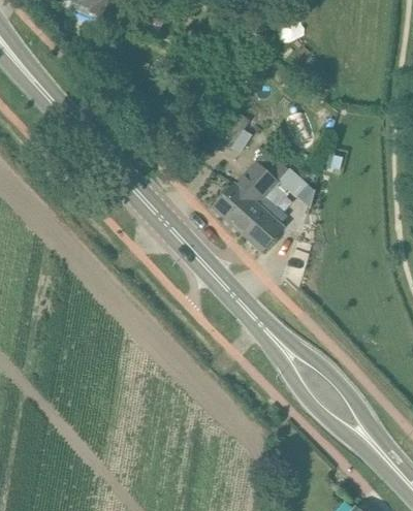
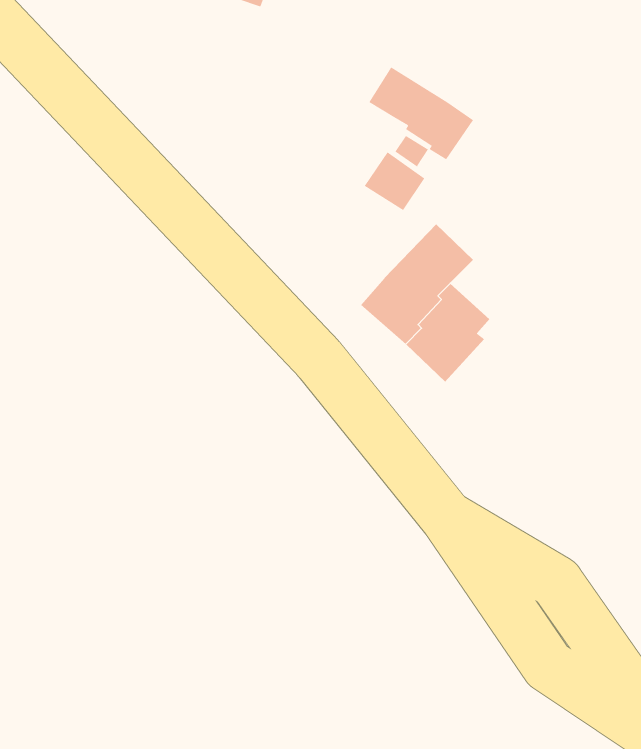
building: none -> [369,66,474,160]
building: [279,167,318,202] -> none

